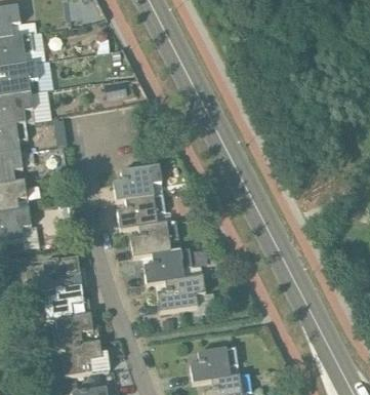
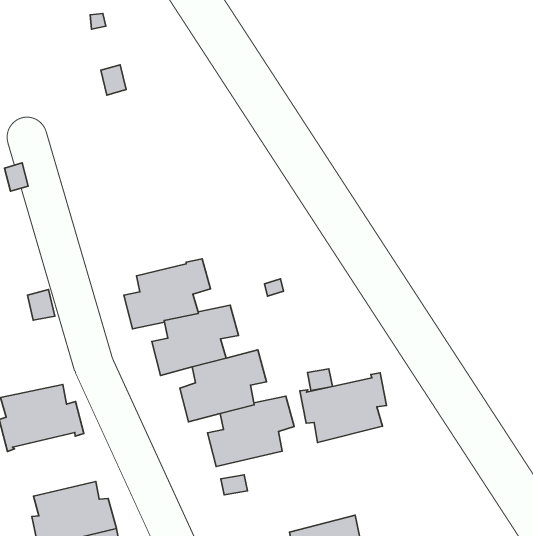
building: [113,164,162,200] -> none
building: none -> [300,373,387,442]
building: [44,284,91,320] -> none

